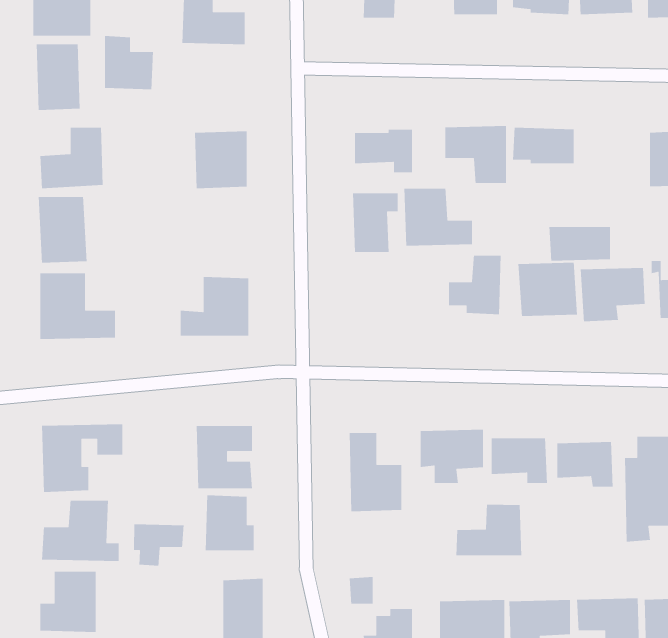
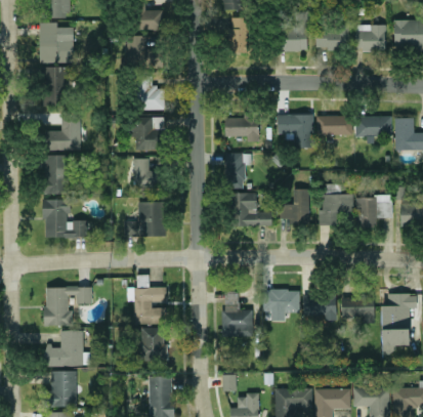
building: [104,35,154,90] -> [136,78,165,110]
building: [404,188,473,246] -> [232,193,272,226]
building: none -> [133,158,159,191]
building: [549,226,611,262] -> [355,116,391,136]
building: [455,504,522,556] -> none
building: [133,523,184,566] -> none

